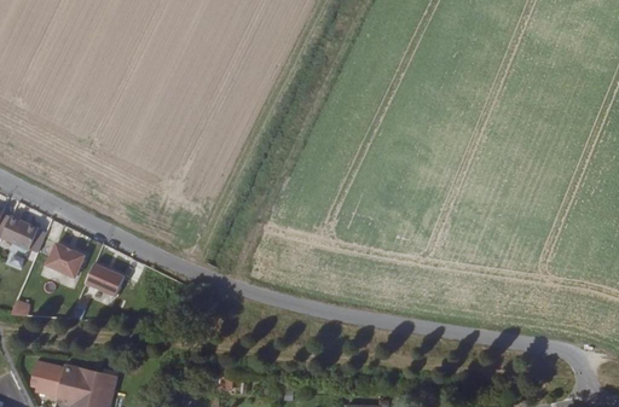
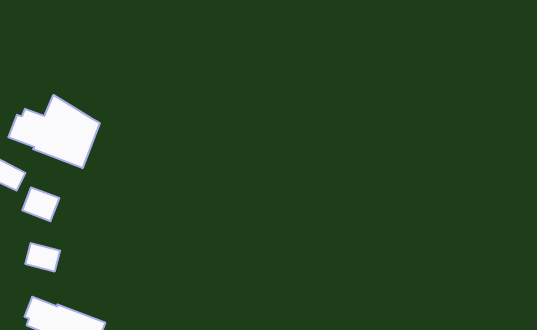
building: none -> [8,95,100,168]
building: [83,262,122,293] -> [25,243,60,271]

